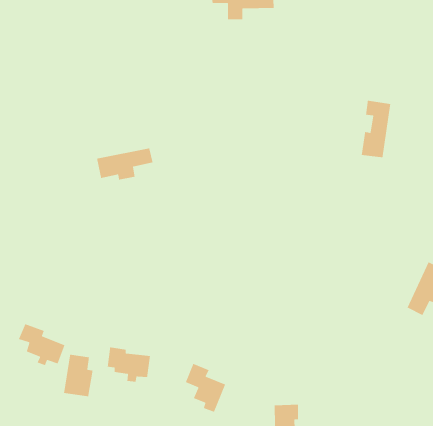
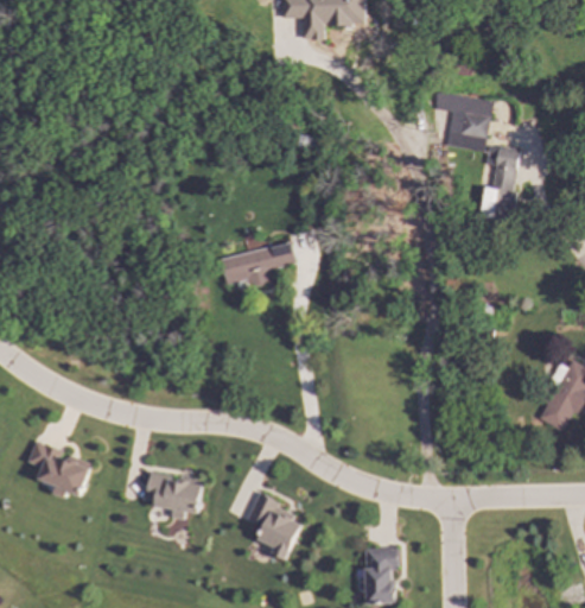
building: none -> [433,91,491,152]
building: [96,147,154,181] -> [218,242,294,286]
building: [63,354,94,397] -> none

